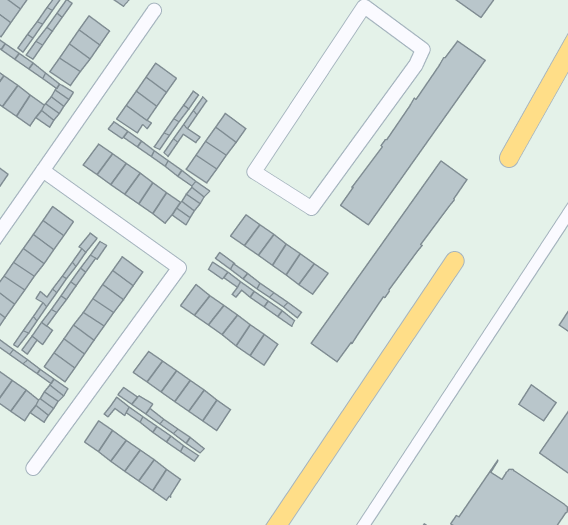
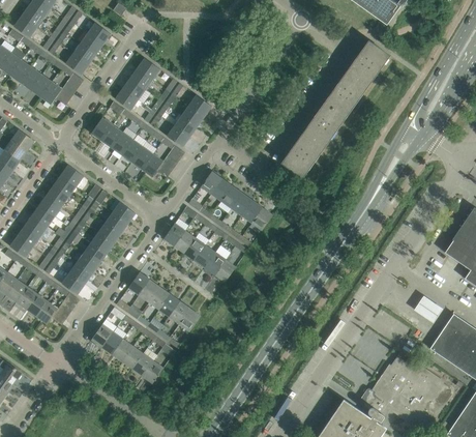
building: [311,161,467,362] -> none

